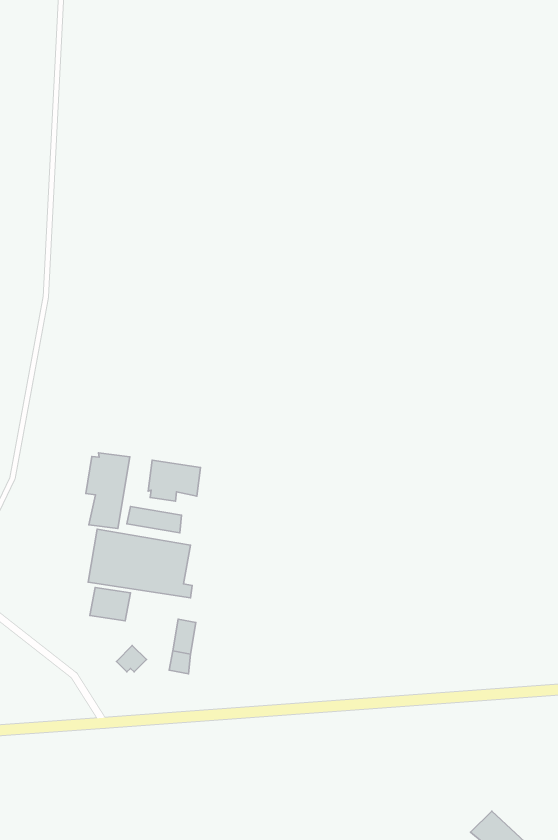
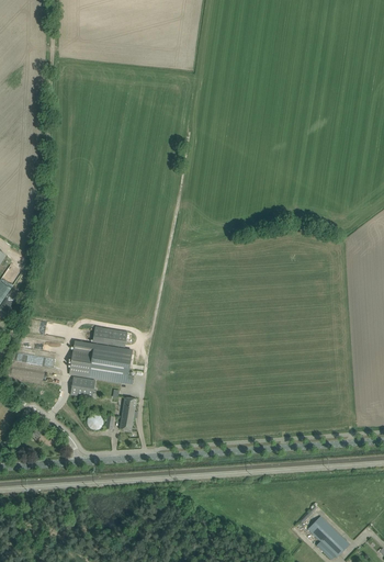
building: [86,453,130,528] -> none
building: [148,460,201,501] -> none

